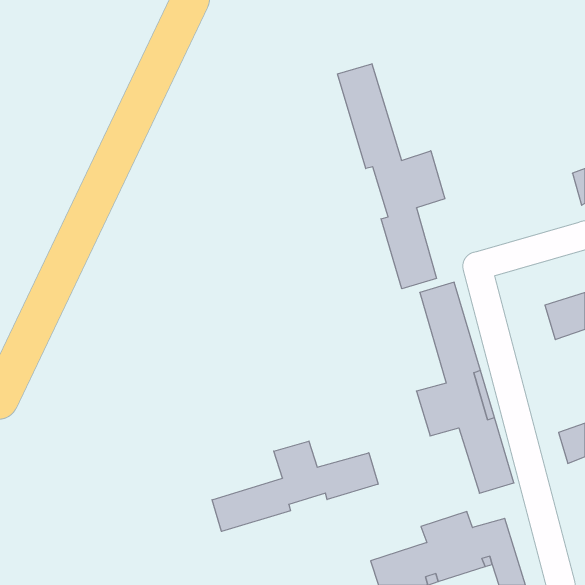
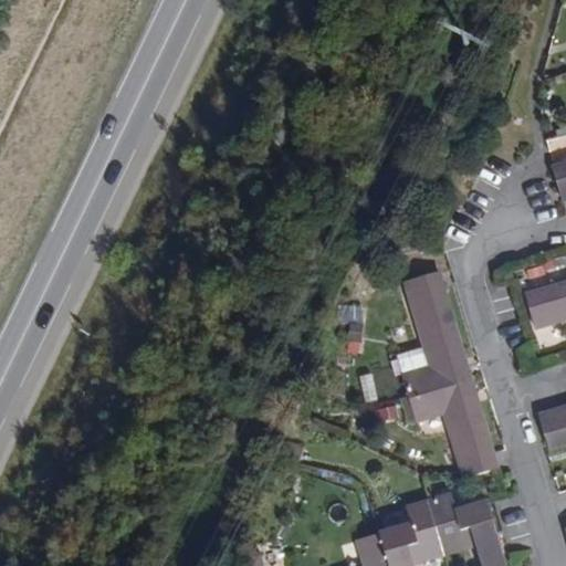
building: [338,64,445,289] -> none
building: [212,441,378,531] -> none

